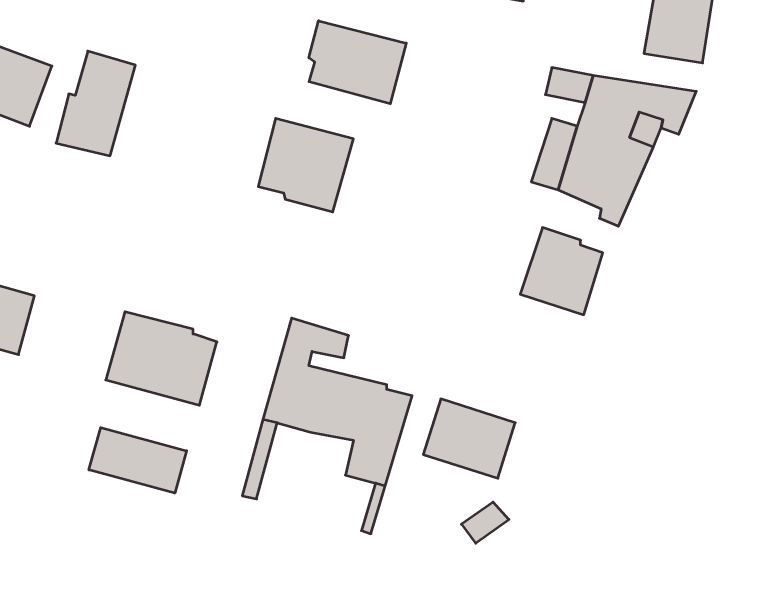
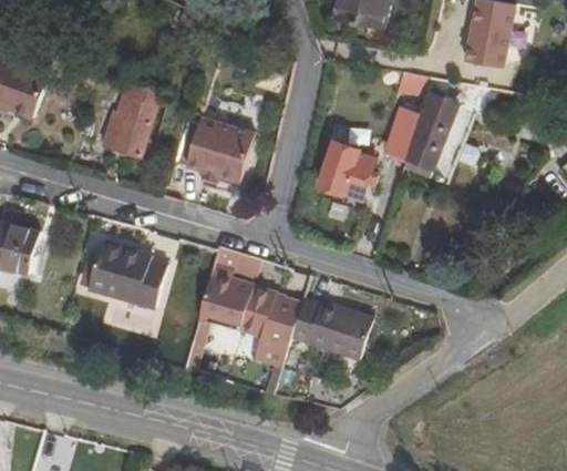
building: [309,21,406,104] -> none
building: [56,51,135,156] -> [100,82,155,155]
building: [520,228,603,315] -> [317,140,374,201]
building: [89,428,187,493] -> none

